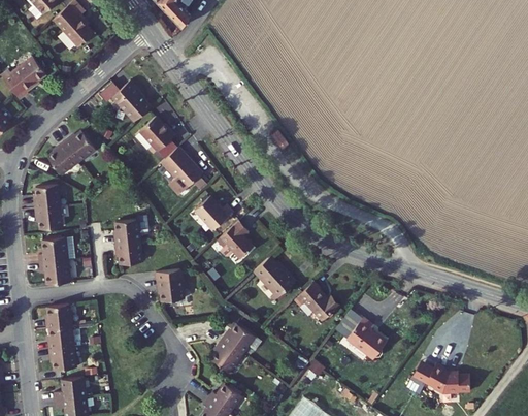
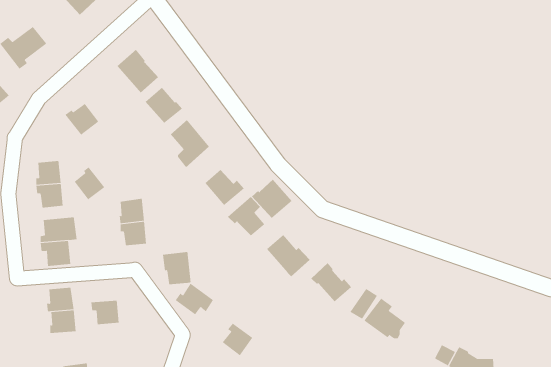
building: [47,142,77,174] -> [74,167,105,200]
building: none -> [251,179,292,219]
building: [222,324,259,355] -> [175,283,214,315]
building: [47,349,75,373] -> [90,300,120,325]

